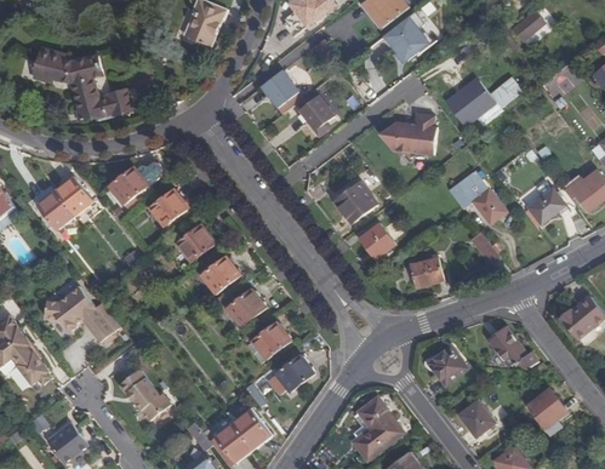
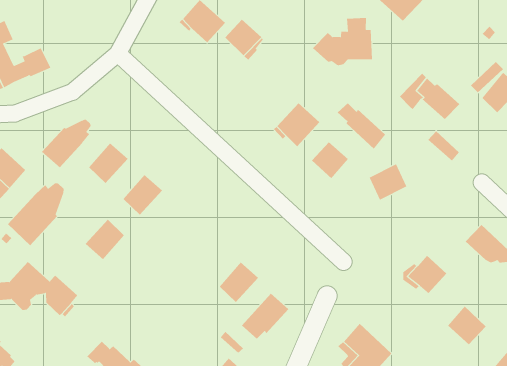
building: none -> [337,103,386,149]
building: none -> [7,183,64,246]
building: [201,256,240,293] -> [85,219,125,260]
building: [227,288,266,326] -> none

